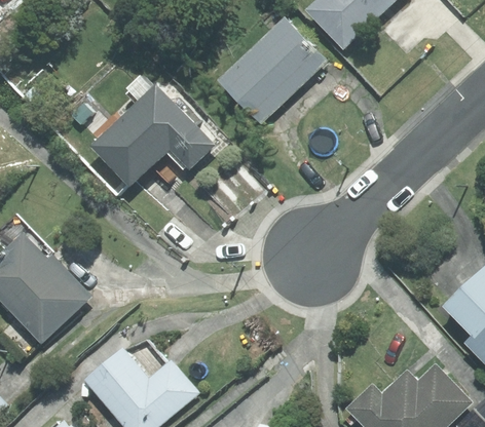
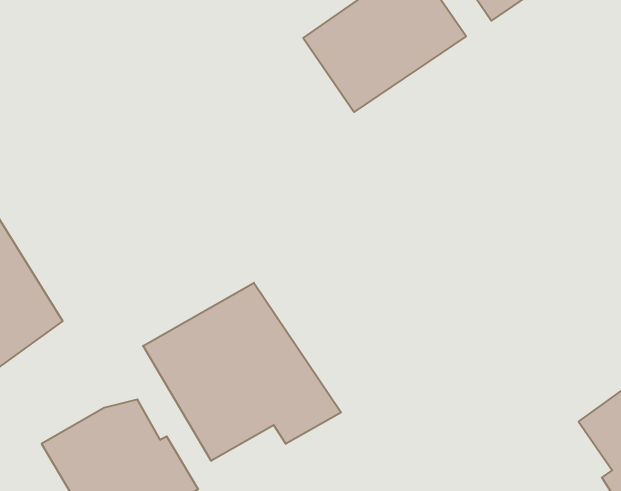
building: [88,74,214,187] -> none
building: none -> [143,283,341,461]

